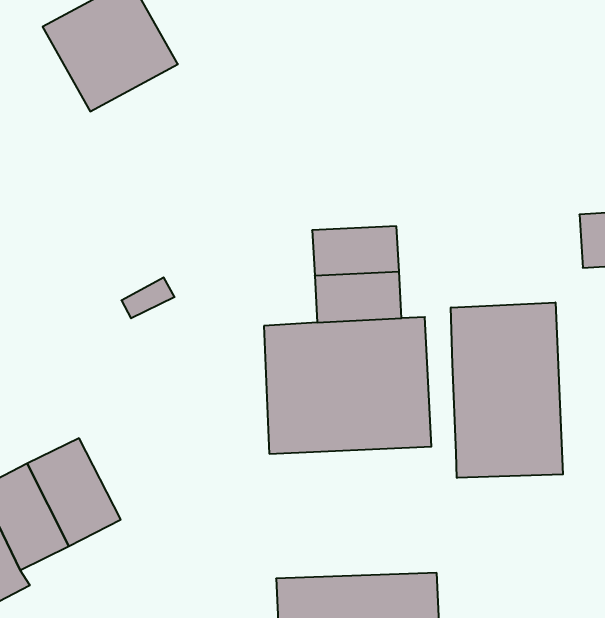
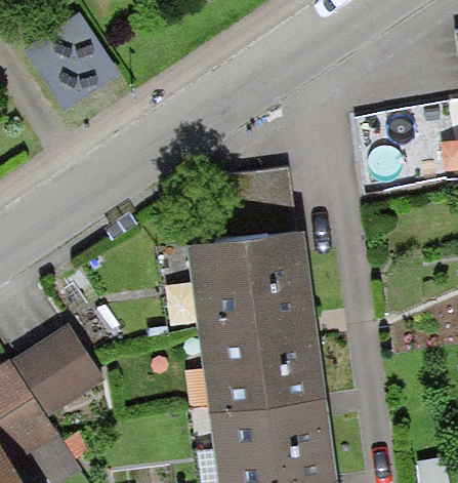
building: [451,302,563,478] -> none
building: none -> [204,313,321,408]

